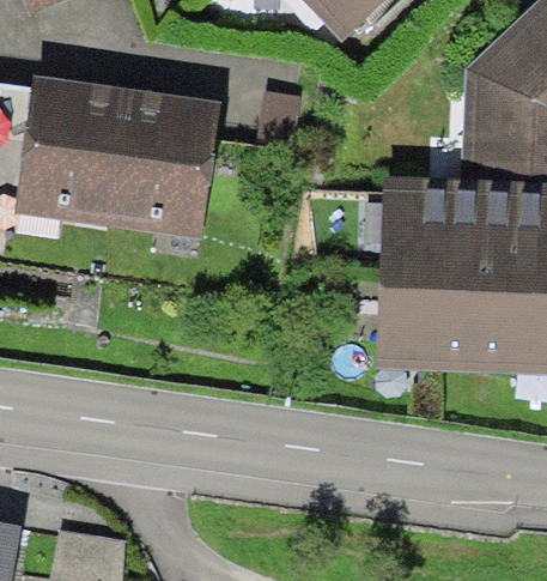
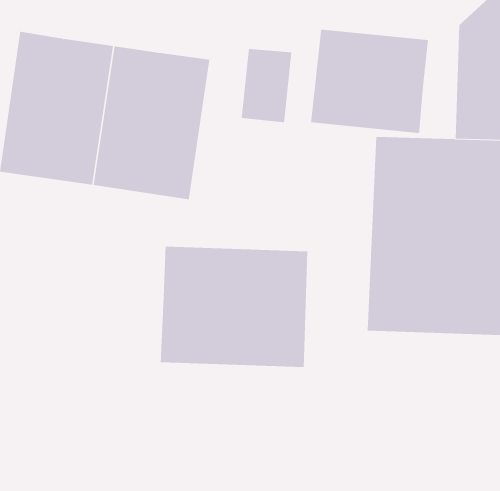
building: none -> [311,29,429,134]
building: none -> [160,246,308,368]

